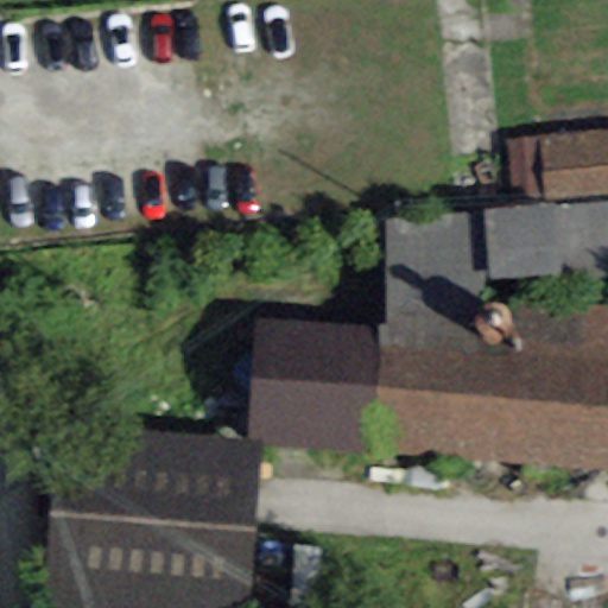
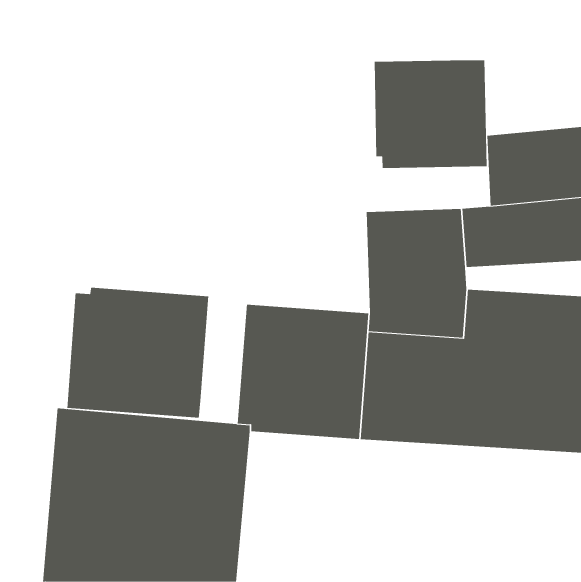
building: none -> [374,59,487,169]
building: none -> [67,287,209,418]

